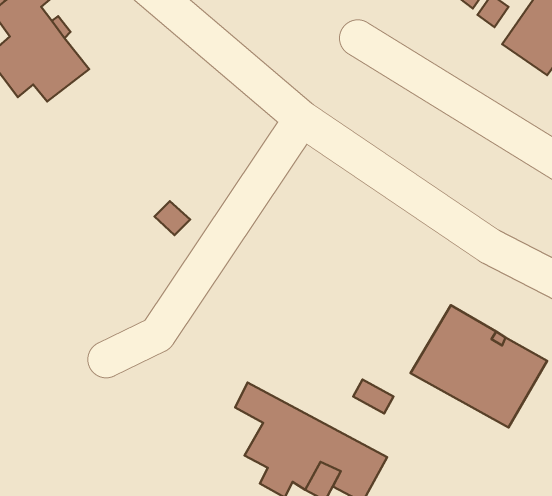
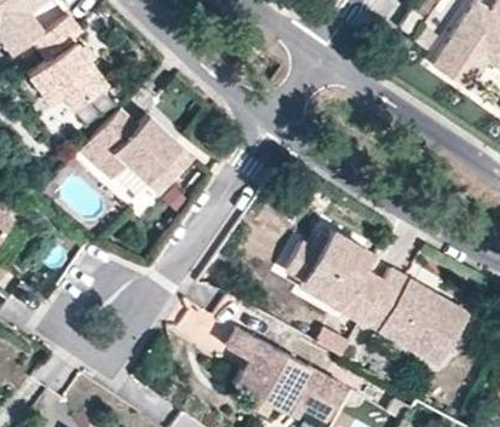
building: none -> [81,109,194,195]
building: none -> [285,232,383,321]

